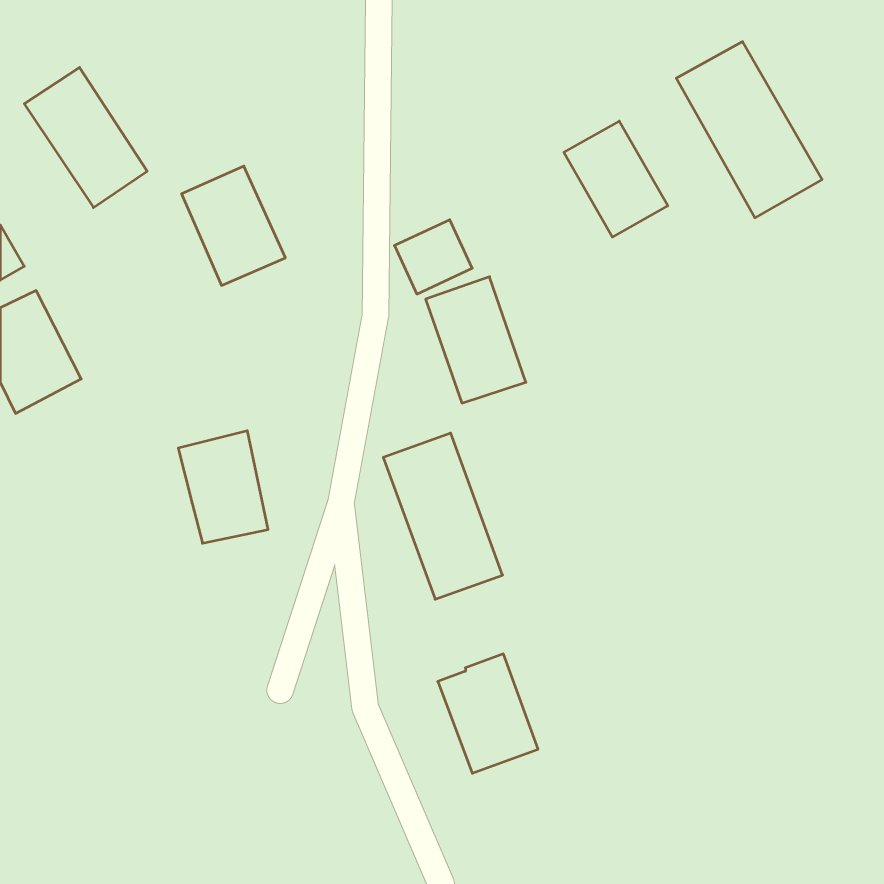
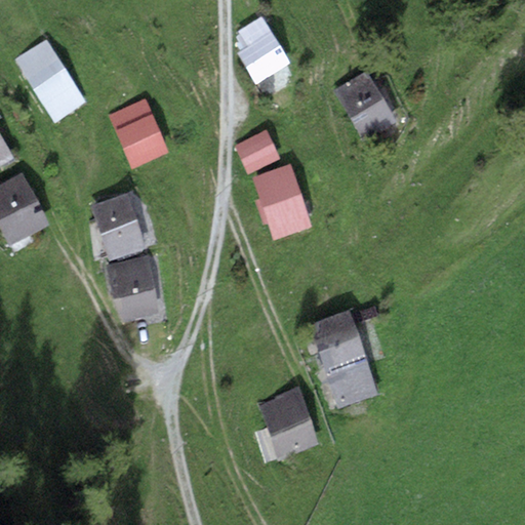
building: none -> [235,16,290,84]
building: [676,42,822,218] -> none
building: none -> [90,193,145,260]
building: [383,433,503,599] -> [309,310,379,408]

